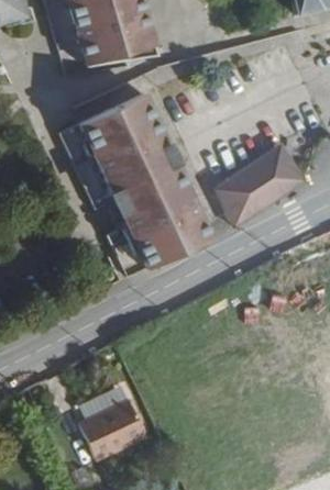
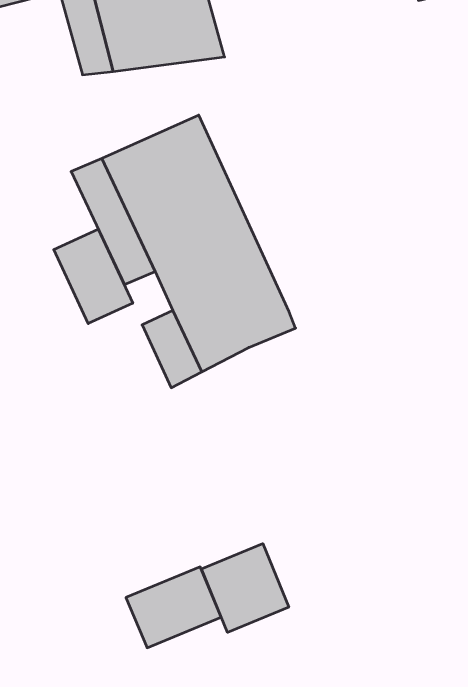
building: [211,142,299,225] -> none
building: none -> [54,229,133,324]
building: none -> [202,544,289,632]

